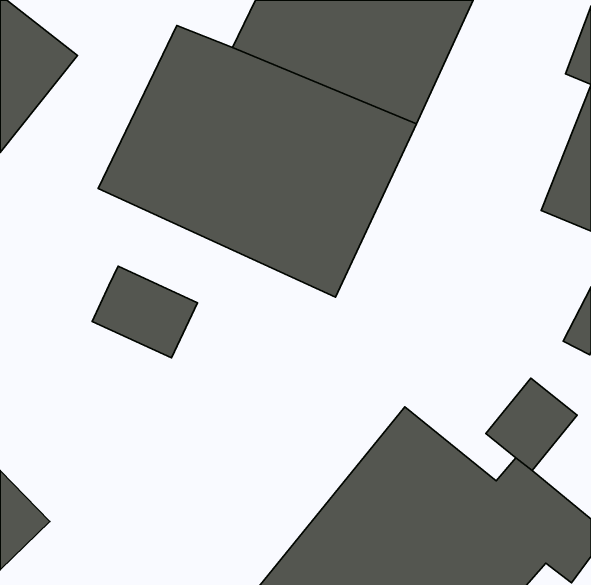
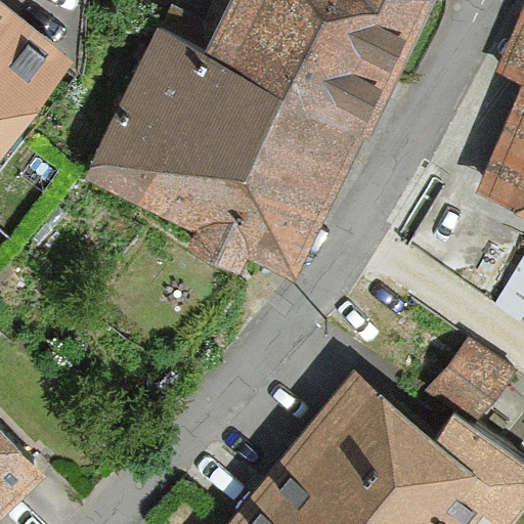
building: [92,266,198,358] -> none

